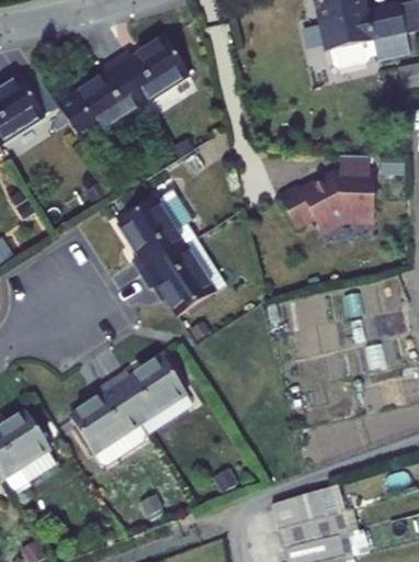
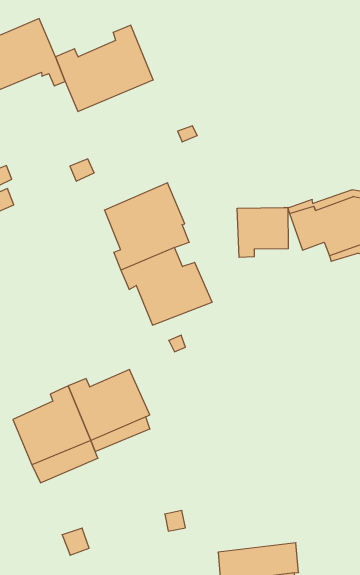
building: [117,35,192,103] -> none
building: none -> [237,207,288,257]

